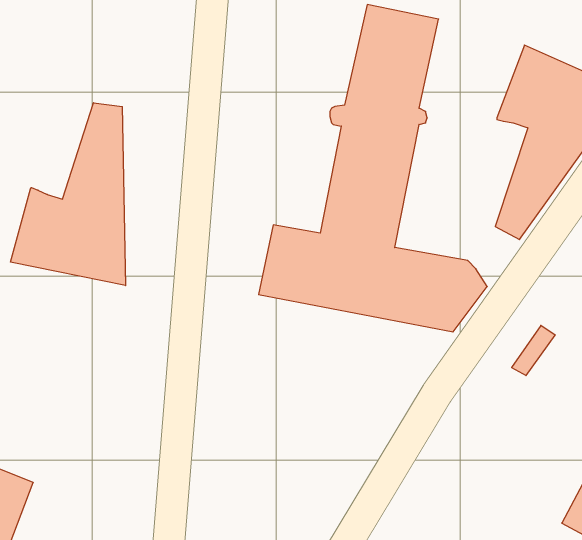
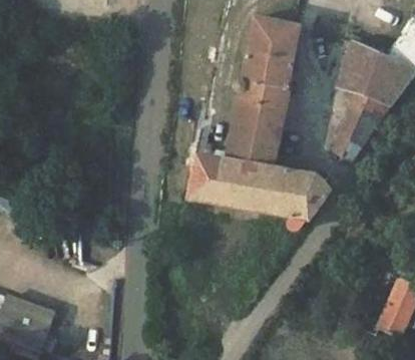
building: [11,103,126,286] -> none

